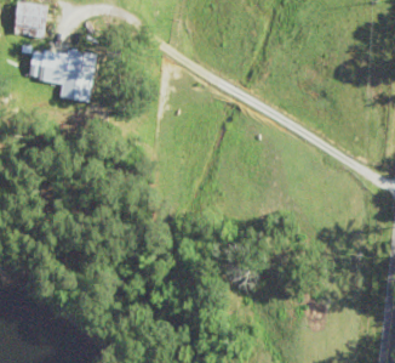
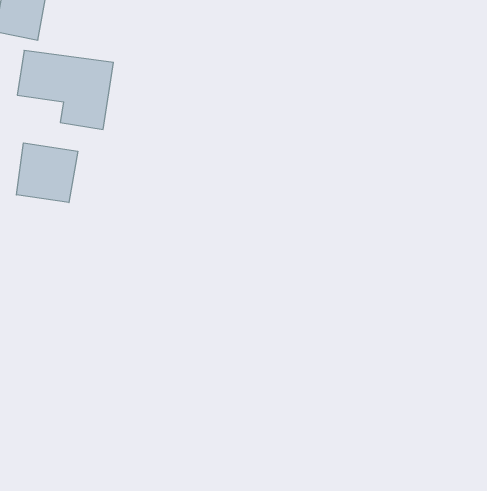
building: none -> [16,143,78,203]

